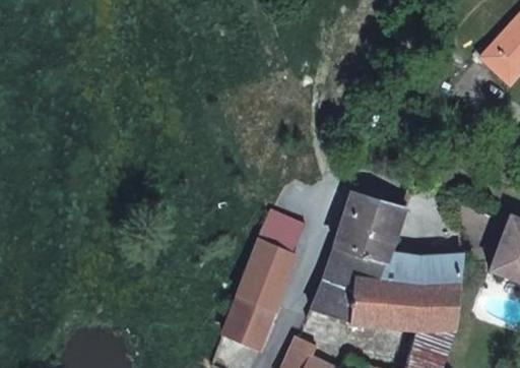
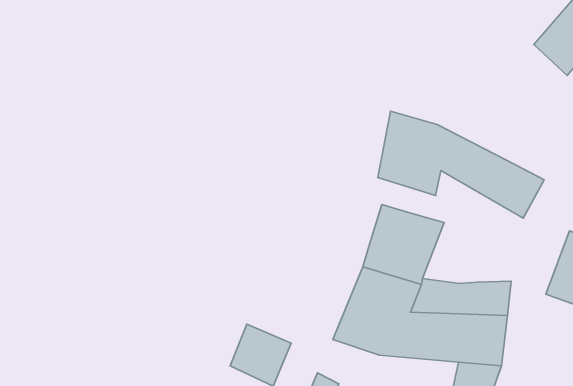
building: none -> [378,111,544,218]
building: [237,208,306,311] -> none

